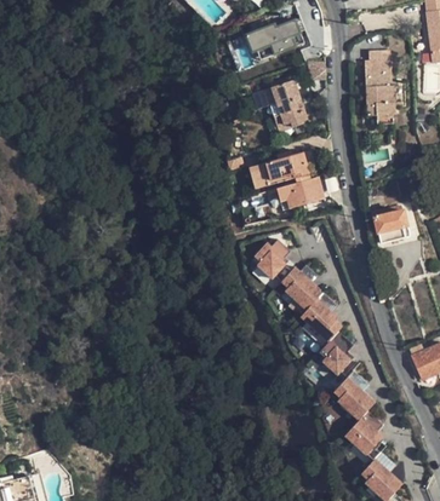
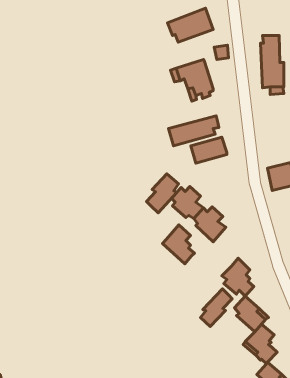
building: none -> [147,174,179,213]
building: [301,289,341,338] -> [162,225,194,264]
building: none -> [200,289,232,326]

